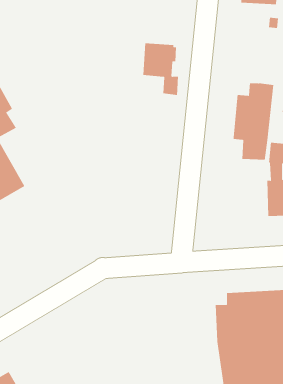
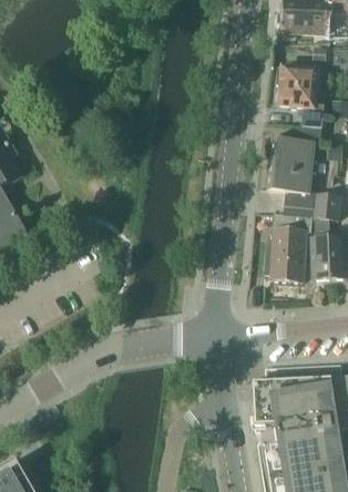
building: [143,43,179,95] -> [279,66,321,127]
building: none -> [264,214,314,283]

